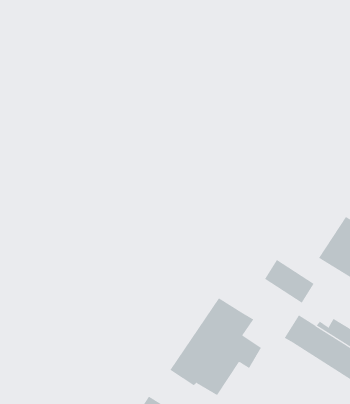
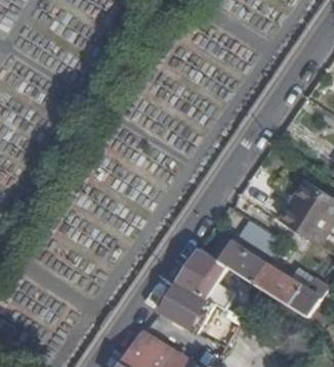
building: none -> [217,242,264,283]

